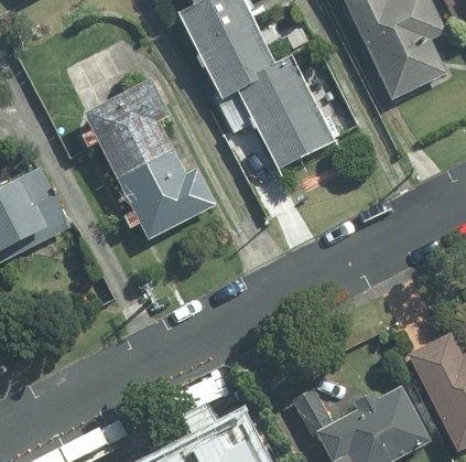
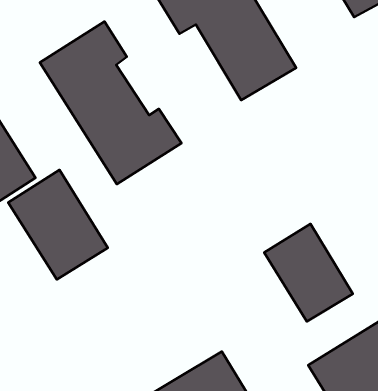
building: none -> [8,170,108,279]
building: none -> [264,224,353,322]

